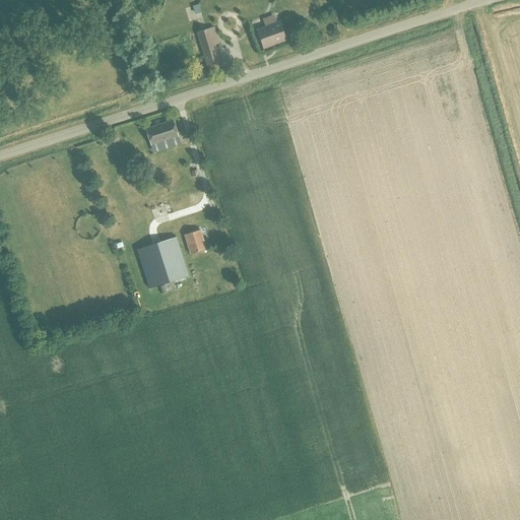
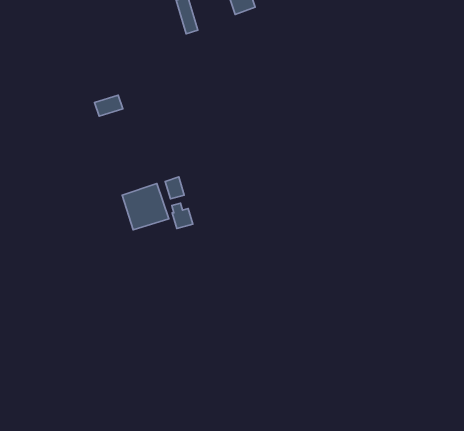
building: [146,121,178,144] -> [95,95,123,116]
building: none -> [172,203,193,229]

